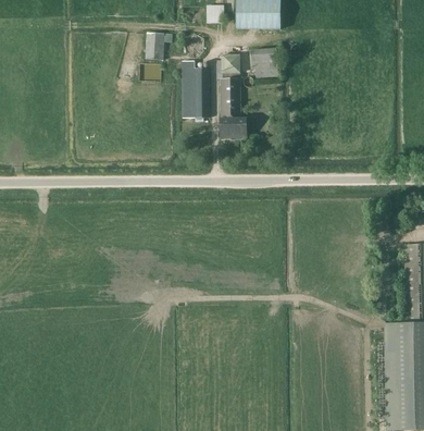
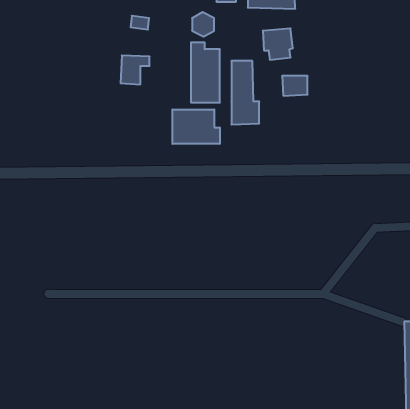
building: [146,33,173,60] -> [121,55,150,84]
building: [217,54,241,73] -> [282,76,308,96]
building: none -> [172,109,220,144]

